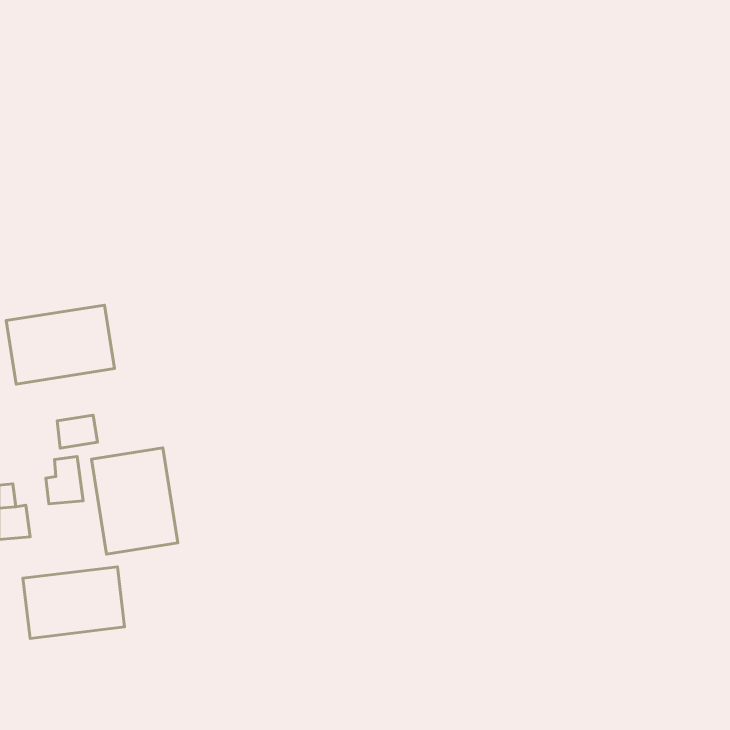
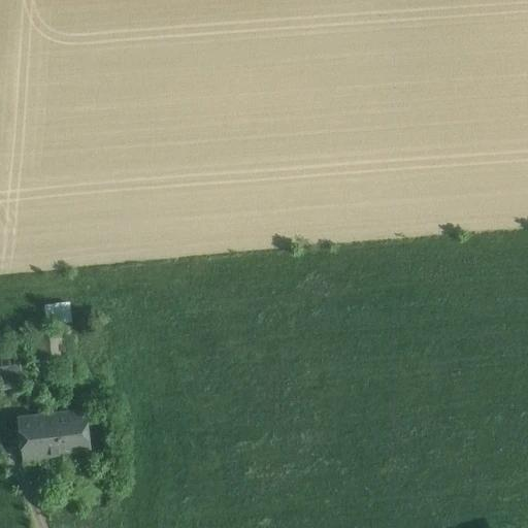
building: [6,305,115,384] -> none
building: [92,448,178,554] -> none

